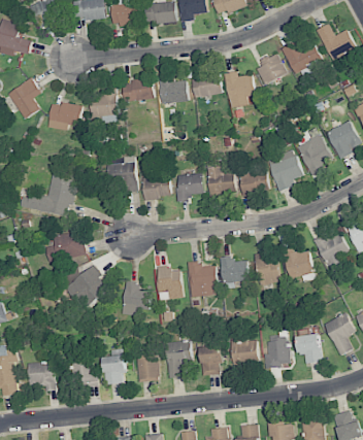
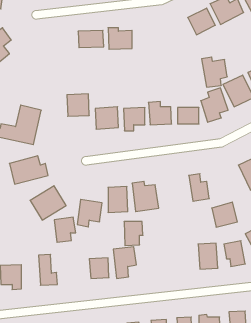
building: [224,71,255,107] -> [202,57,227,87]
building: [191,72,222,98] -> none
building: [90,88,117,123] -> none
building: [47,101,81,131] -> none
building: [283,248,314,278] -> [212,202,237,227]
building: [221,259,248,289] -> none
building: [231,337,257,367] -> none
building: [200,346,223,375] -> [124,222,143,246]
building: [101,354,127,384] -> [54,217,76,242]

